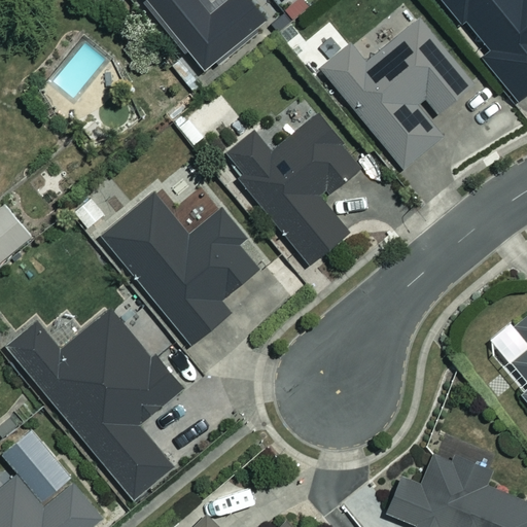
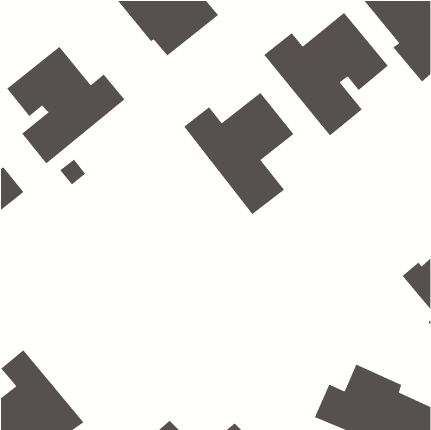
building: none -> [6,46,126,164]
building: [102,189,257,343] -> none
building: [8,309,181,499] -> none

